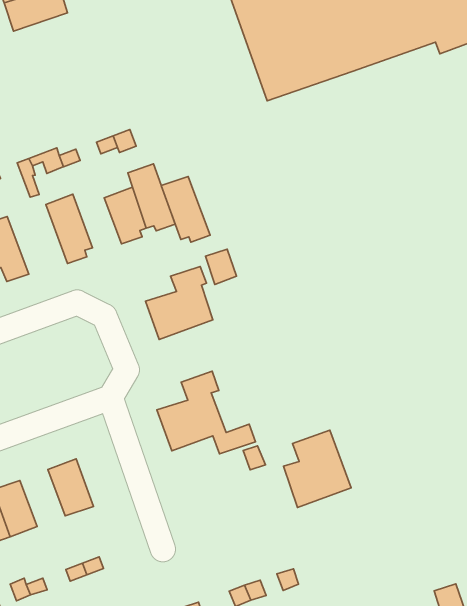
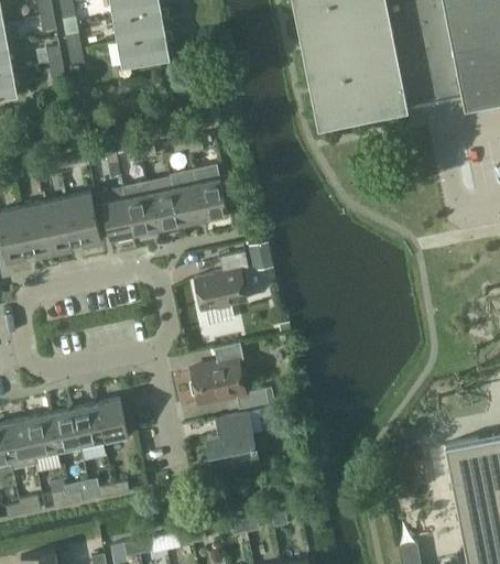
building: none -> [118,31,170,67]
building: [161,176,210,242] -> [148,176,182,230]
building: none -> [100,186,135,240]
building: [284,430,351,507] -> [207,412,260,471]
building: none -> [72,403,105,448]

